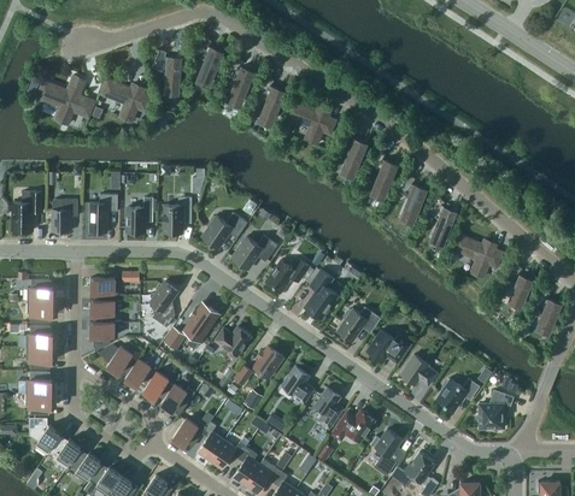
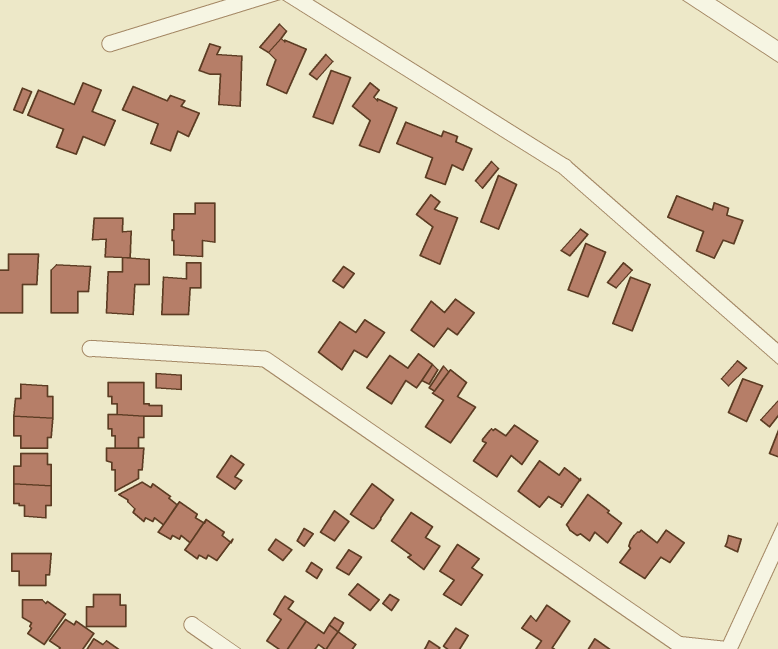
building: [369,149,397,196] -> [417,195,458,264]
building: none -> [92,218,131,258]
building: [162,197,190,234] -> [172,203,215,256]
building: [201,213,246,248] -> none
building: none -> [411,299,474,347]
building: [451,235,501,277] -> [668,196,743,258]
building: [149,282,177,327] -> none
building: [183,303,217,341] -> none
building: [215,326,251,355] -> none
building: [24,372,51,394] -> [86,594,126,626]
building: [159,384,194,413] -> none
building: [474,390,512,432] -> none
building: [330,411,374,442] -> none
building: [171,419,206,447] -> none

